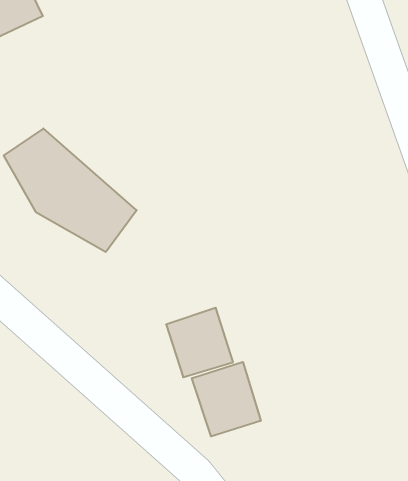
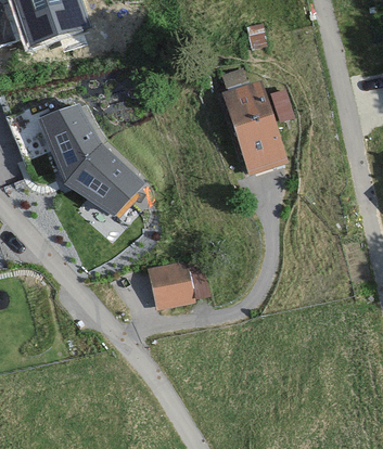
building: none -> [218,79,285,174]
building: [192,362,261,436] -> none

